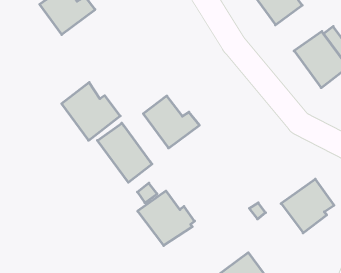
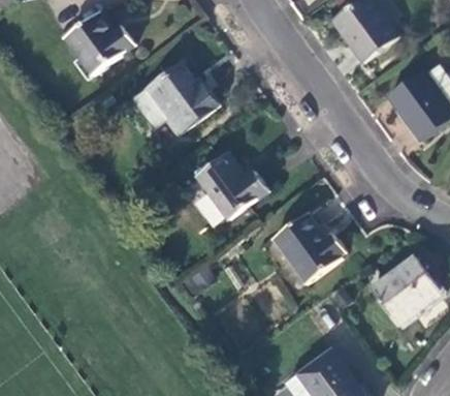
building: [62,82,120,140] -> [144,61,219,134]
building: [97,123,152,182] -> none
building: [138,191,195,246] -> [271,213,344,282]

